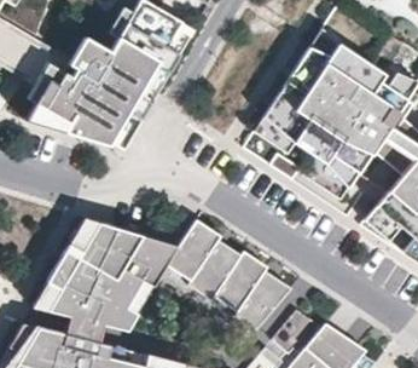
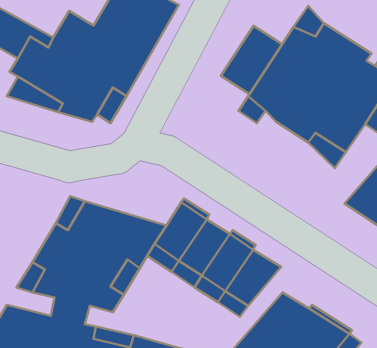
building: none -> [221,26,282,94]

